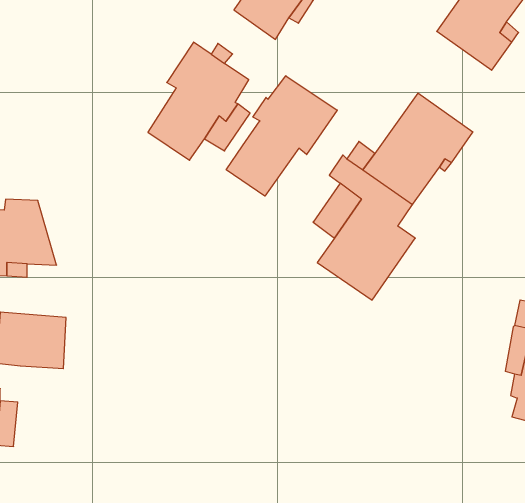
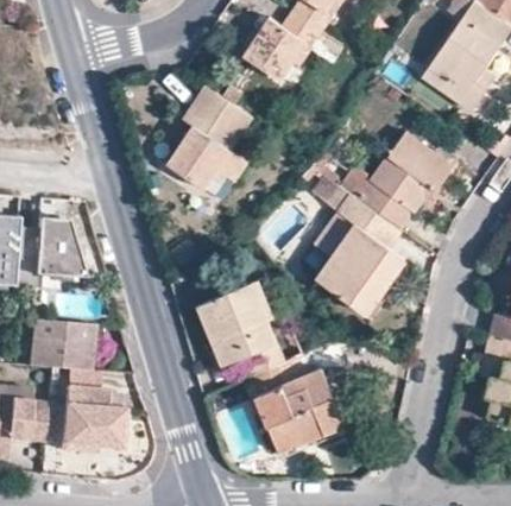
building: [226,76,337,196] -> none
building: none -> [202,280,289,377]
building: none -> [256,367,343,449]
building: none -> [65,388,128,453]

